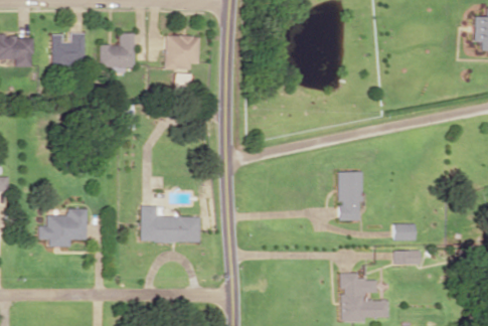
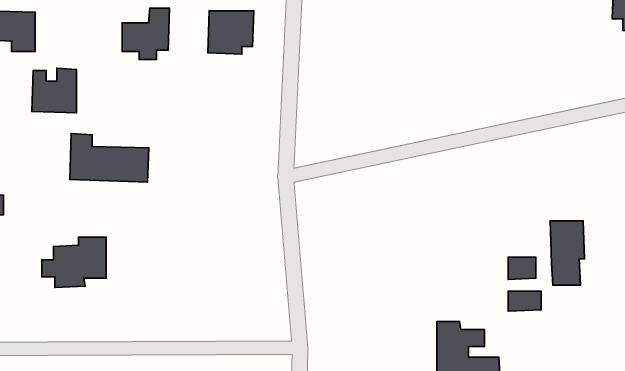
building: [51,32,86,66] -> [32,68,77,113]
building: [337,171,363,220] -> [550,221,585,285]
building: [140,205,200,242] -> [70,133,149,182]

